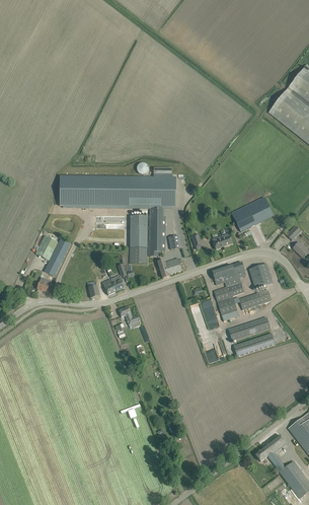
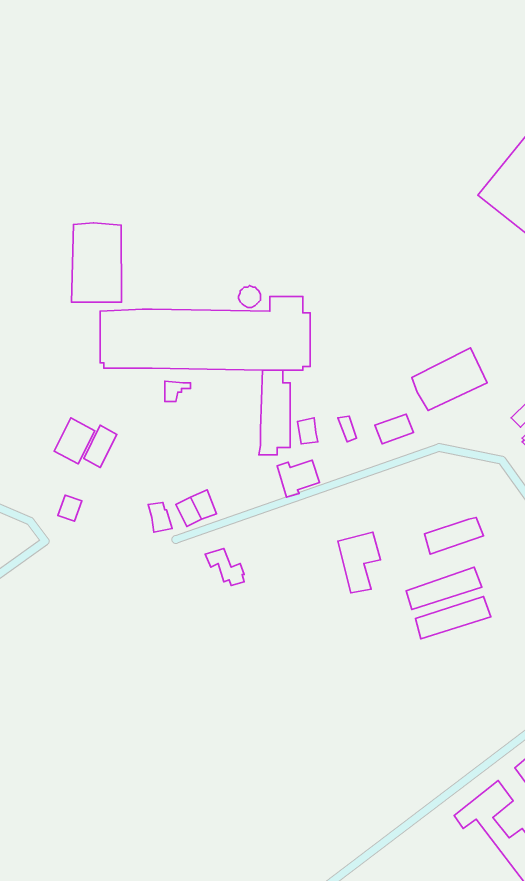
building: none -> [72,223,121,302]
building: [131,215,147,263] -> none
building: [212,262,246,314] -> none
building: [249,263,273,287] -> none

